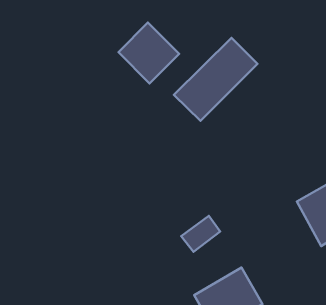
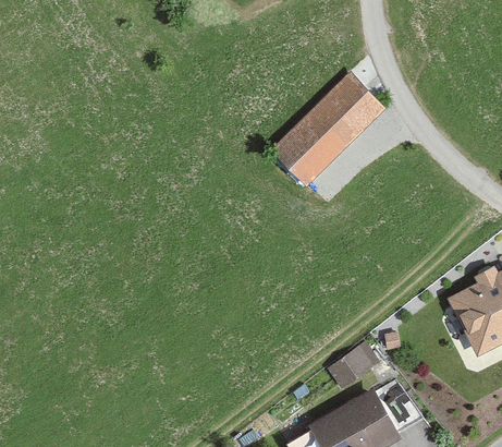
building: [118,23,179,83] -> none
building: [181,216,220,252] -> [325,341,377,389]

